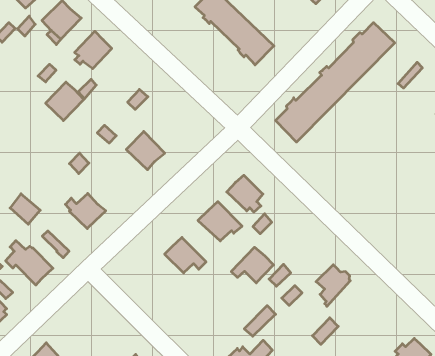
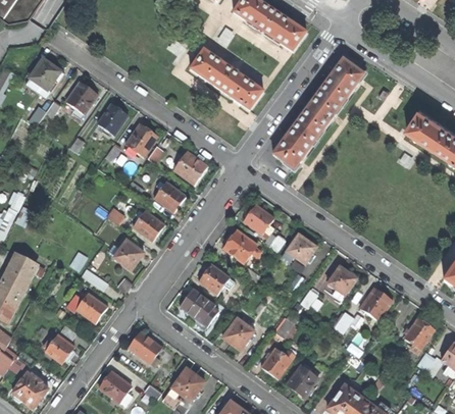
building: [46,82,84,121] -> [124,123,156,156]
building: none -> [172,151,206,185]
building: none -> [132,209,163,241]
building: [231,247,274,283] -> [284,235,318,264]
building: none -> [180,289,217,322]
building: none -> [362,288,393,320]
building: none -> [127,330,161,366]
building: none -> [223,317,255,351]

